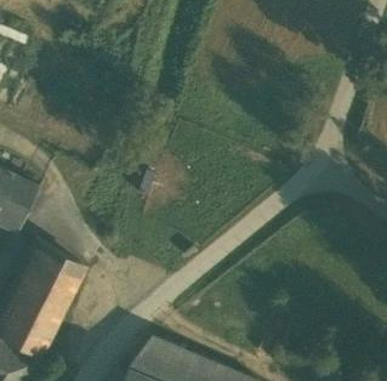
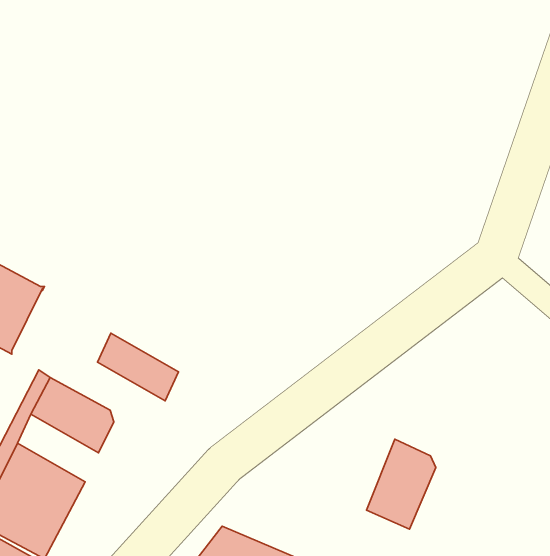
building: [22,268,73,311] -> [97,333,179,401]
building: none -> [367,439,436,529]

